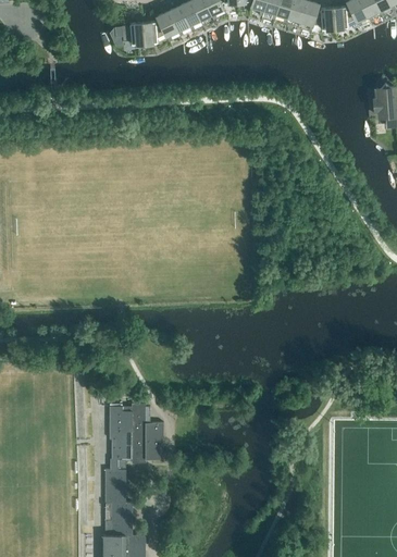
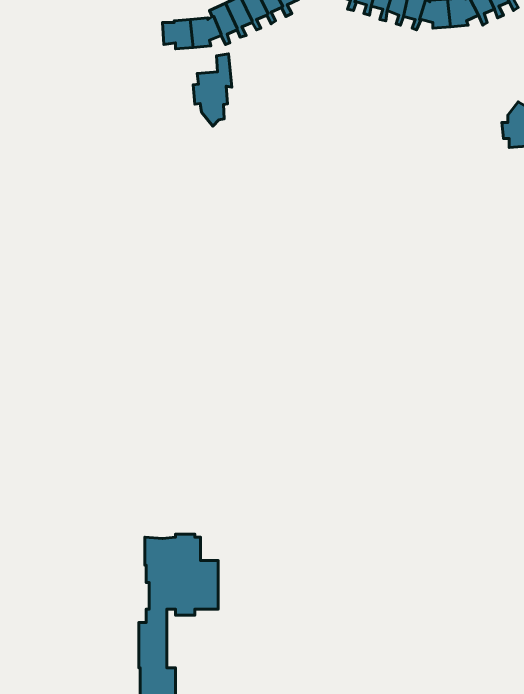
building: none -> [193,54,232,126]

